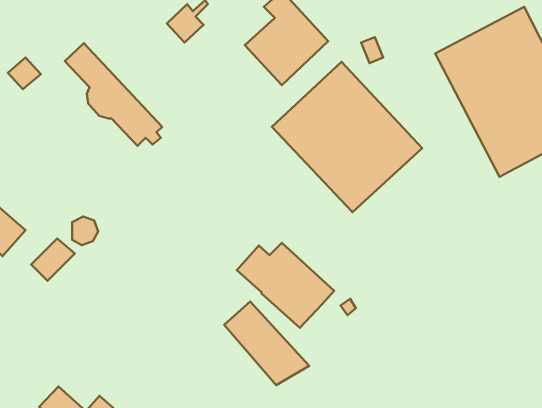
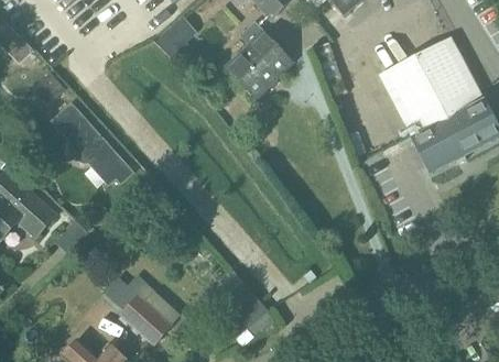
building: [65,43,162,146] -> [50,102,128,185]
building: [272,62,422,212] -> none
building: [237,243,334,328] -> [100,274,178,342]

